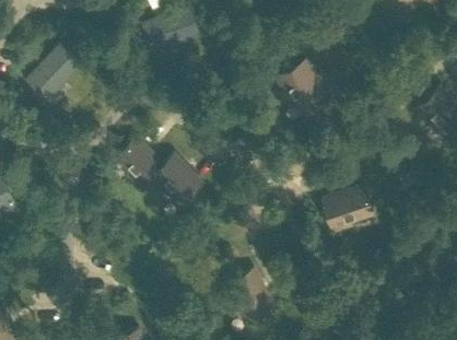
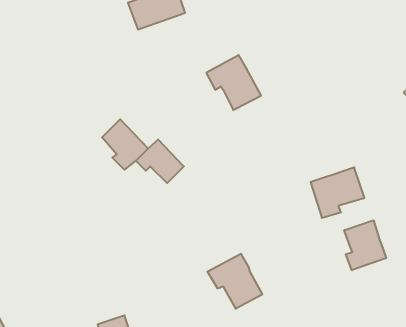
building: [27,42,82,96] -> none
building: [273,59,327,113] -> [206,55,261,110]
building: none -> [344,220,386,270]

